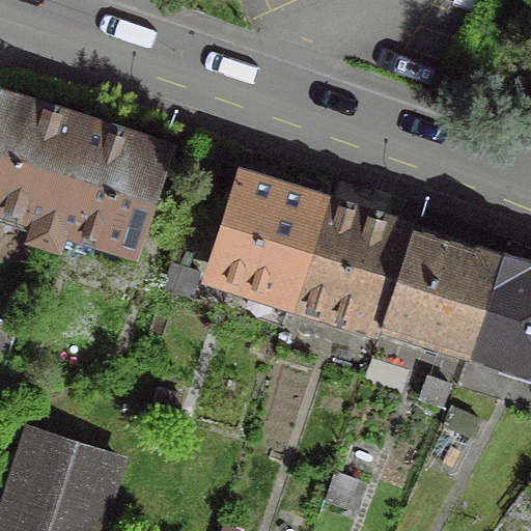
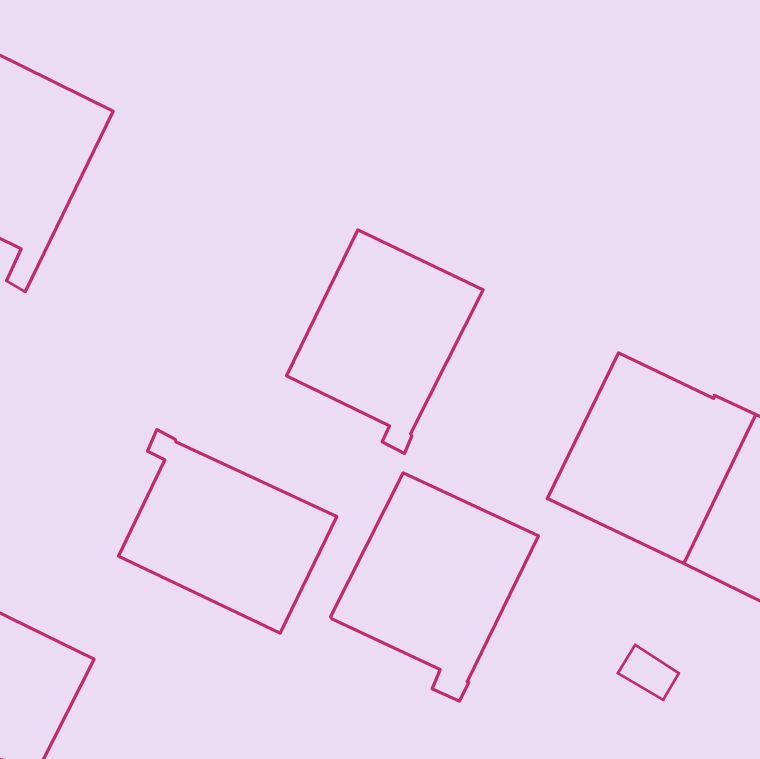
building: [40,123,160,264] -> none
building: [288,201,409,336] -> [330,473,538,701]
building: none -> [119,430,337,633]

